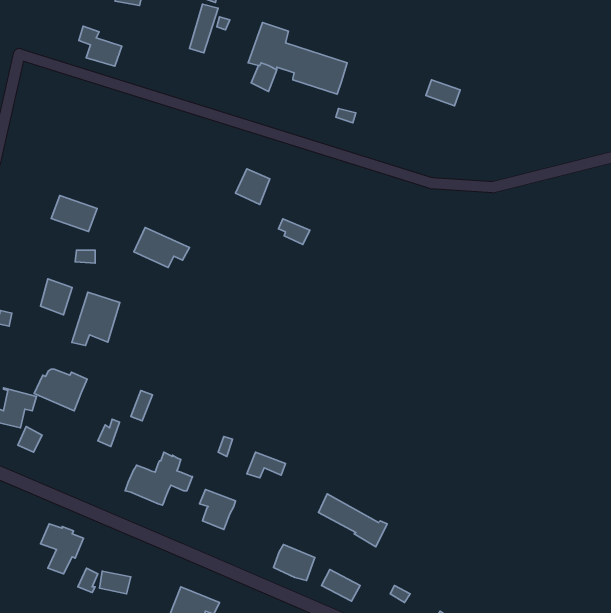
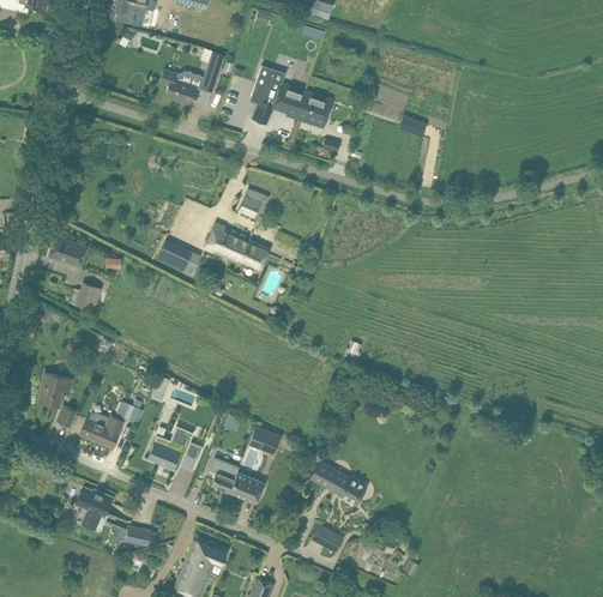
building: [79,26,122,66] -> [159,70,195,103]
building: [51,196,97,231] -> [48,236,86,266]
building: none -> [204,223,269,272]
building: [72,292,120,345] -> none
building: [34,369,87,411] -> [79,414,123,448]
building: [273,545,315,580] -> [229,472,264,502]

